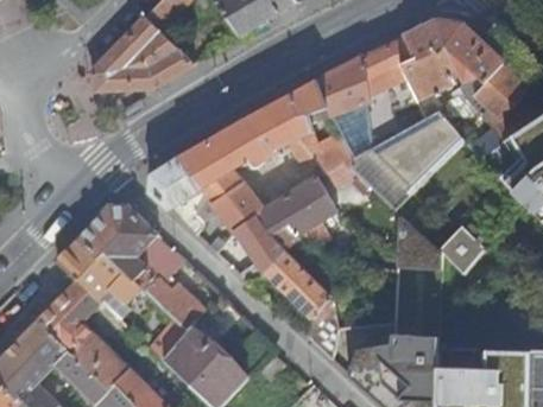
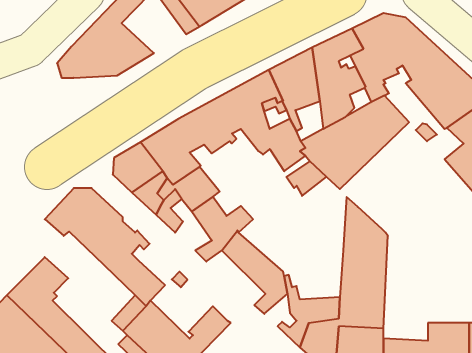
building: [257,176,341,241] -> none
building: [437,225,485,273] -> none
building: [56,239,140,314] -> none

